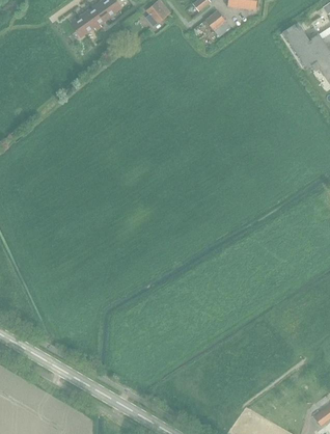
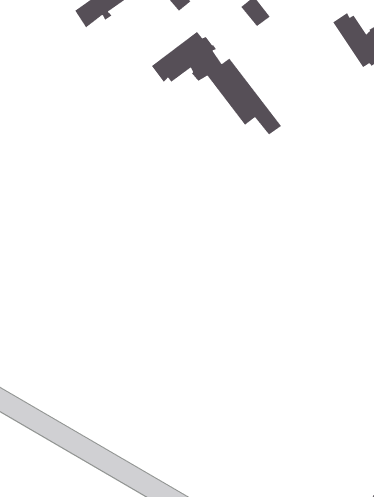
building: none -> [151,31,282,136]

